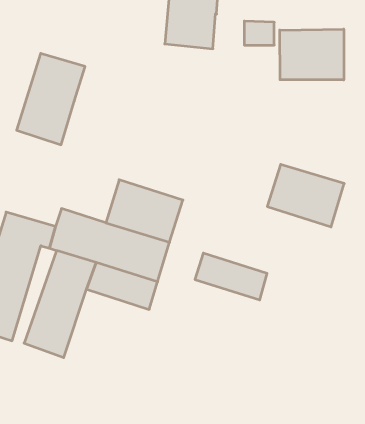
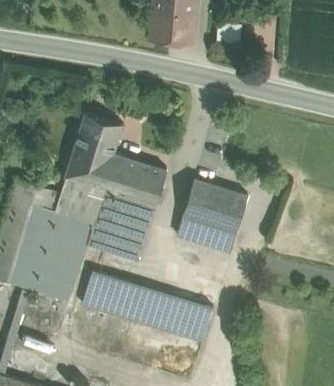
building: [280,29,344,80] -> none
building: [17,53,85,145] -> [65,114,122,190]
building: [267,164,344,227] -> [183,180,247,232]
building: none -> [82,273,212,343]

